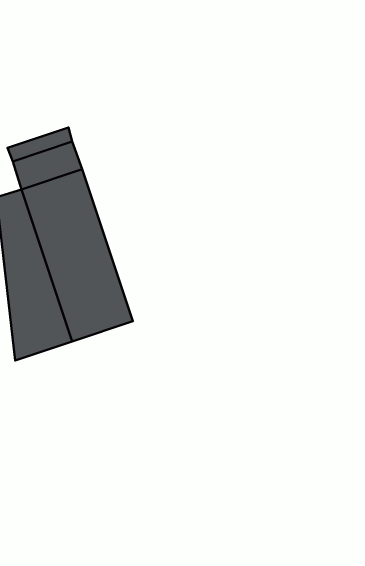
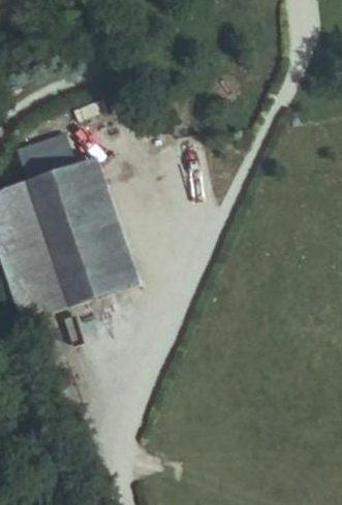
building: none -> [75,159,137,289]

